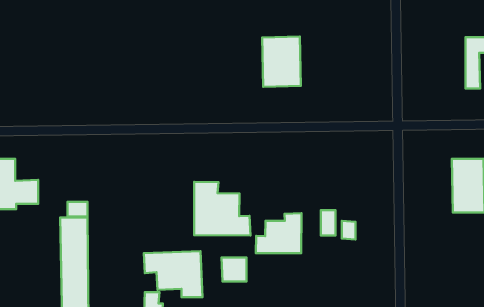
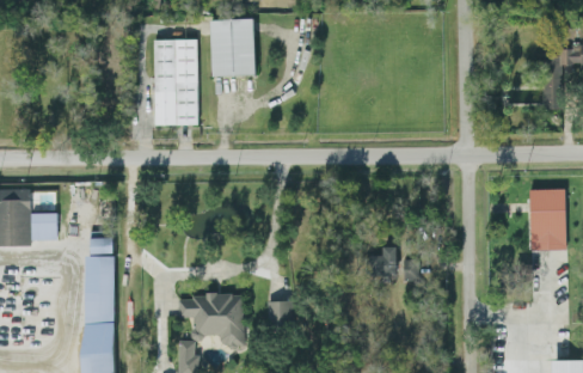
building: none -> [154,39,198,126]
building: [262,37,301,87] -> [211,19,256,77]
building: [194,182,251,236] -> none
building: [256,213,301,253] -> none

